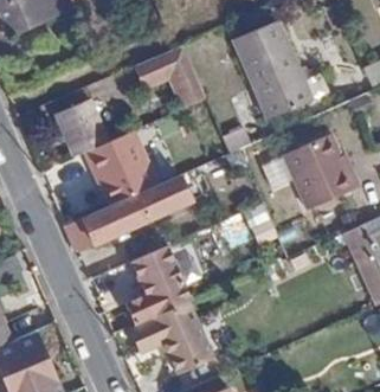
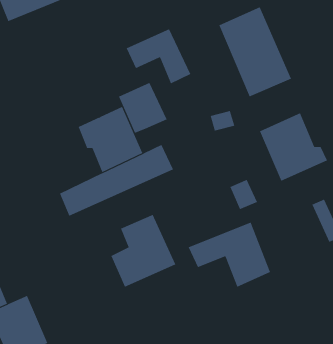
building: [57,97,110,153] -> [118,82,167,134]
building: [131,302,221,373] -> [188,222,271,288]

